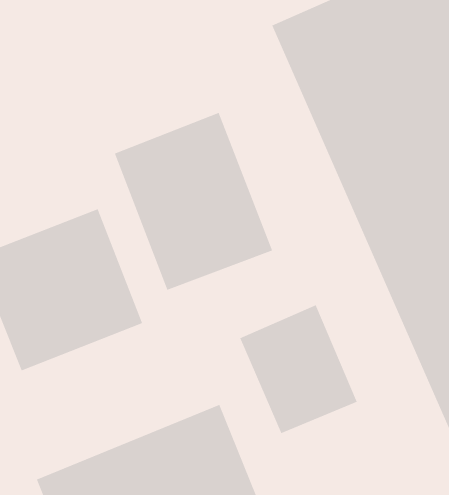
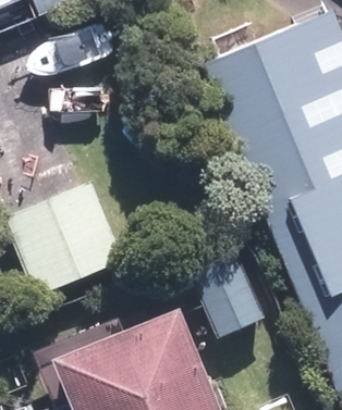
building: [114,112,273,291] -> none

